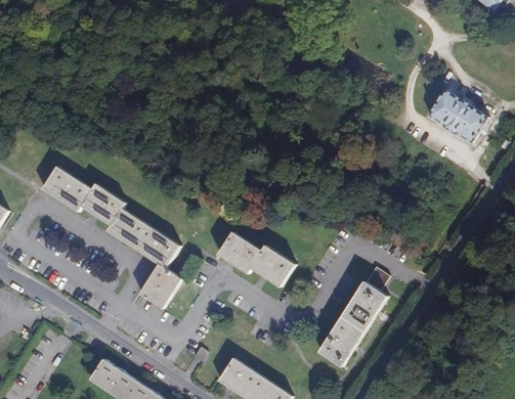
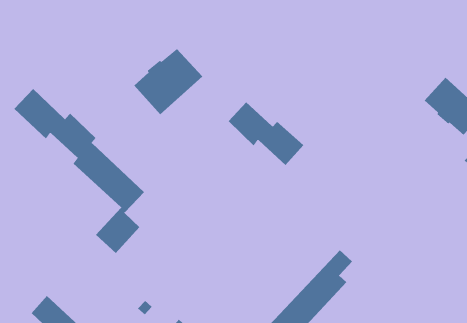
building: none -> [134,48,203,115]
building: [218,232,294,286] -> [228,102,304,166]

